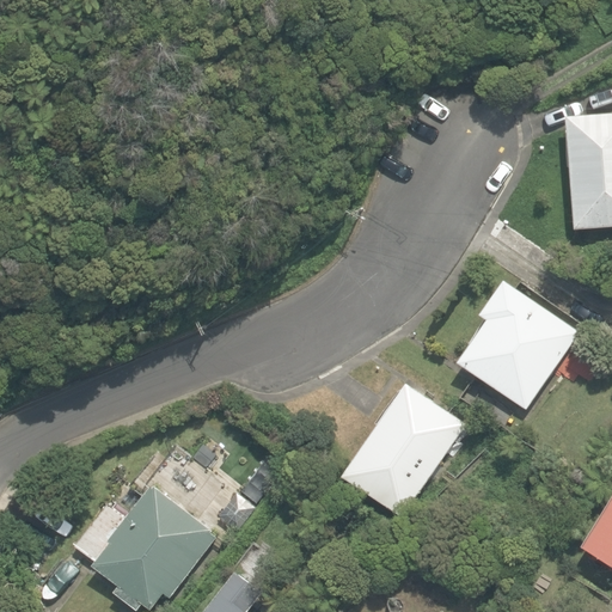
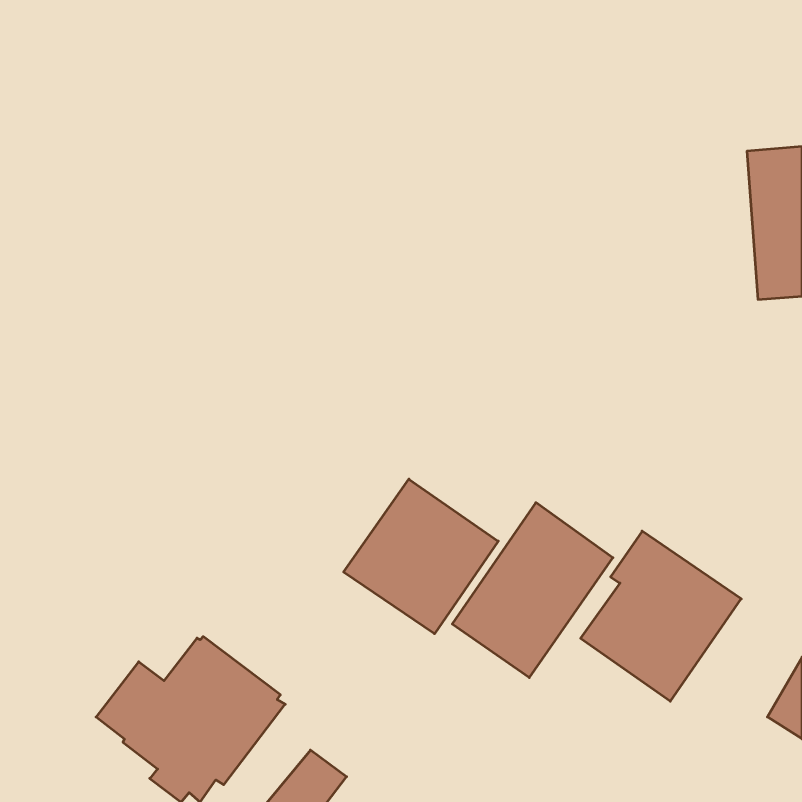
building: [458,281,580,410] -> [581,531,741,701]
building: none -> [344,479,498,634]

